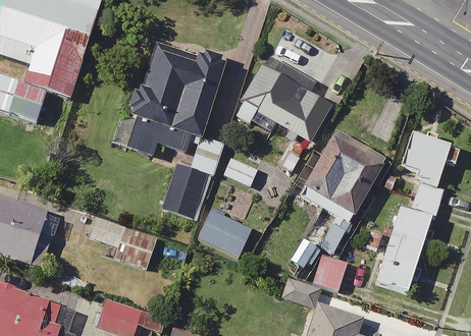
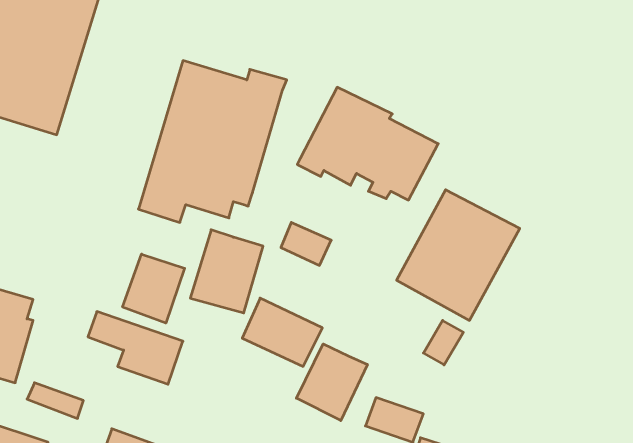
building: [372,133,460,292] -> none
building: [191,136,225,174] -> none
building: none -> [123,254,185,323]
building: none -> [296,344,367,421]
building: [312,251,351,291] -> none

